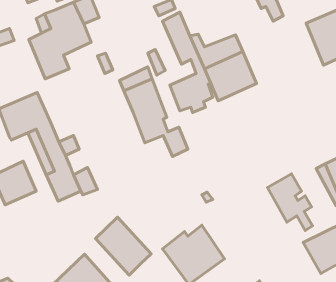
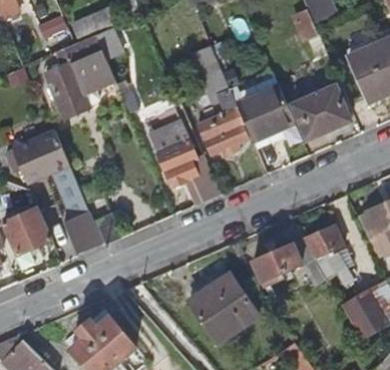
building: none -> [292,88,350,140]
building: none -> [254,239,327,286]
building: [95,217,151,275] -> none

